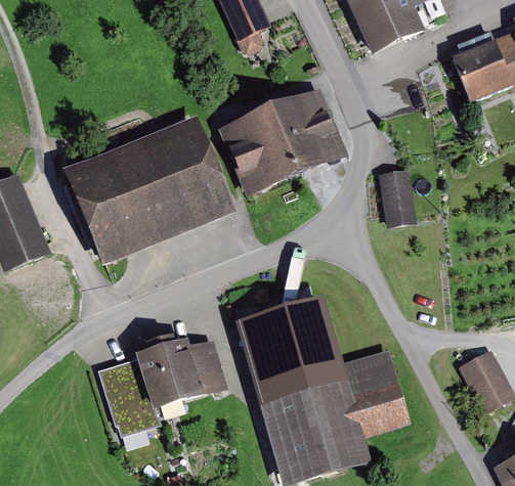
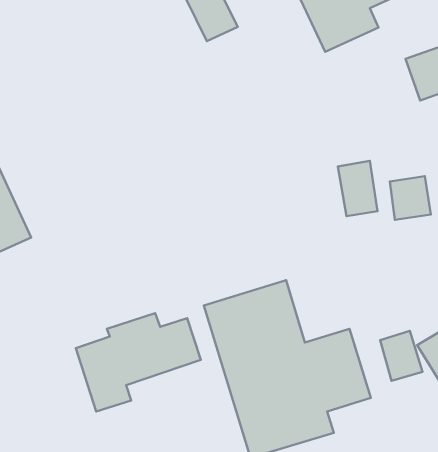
building: [219,89,342,195] -> none
building: [68,114,239,261] -> none
building: none -> [390,176,431,220]
building: none -> [380,331,423,381]

